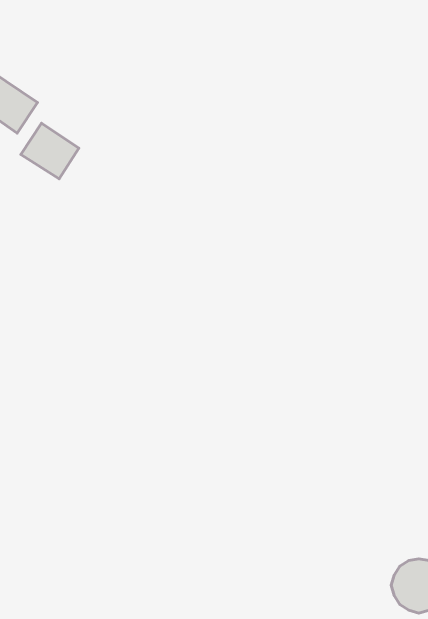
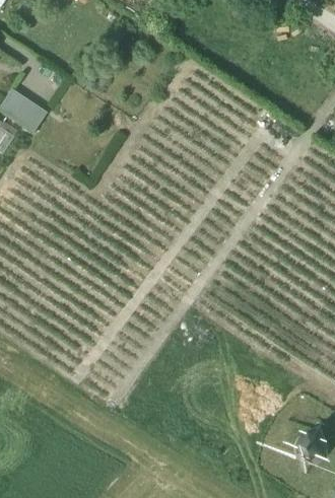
building: [21,123,79,179] -> none

